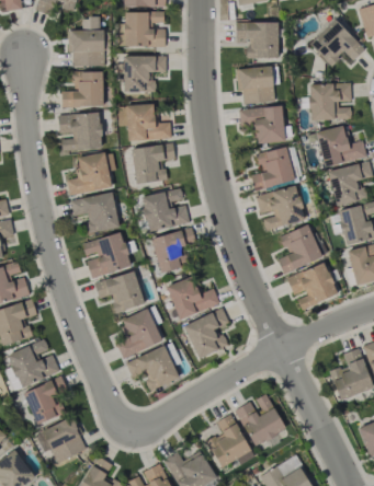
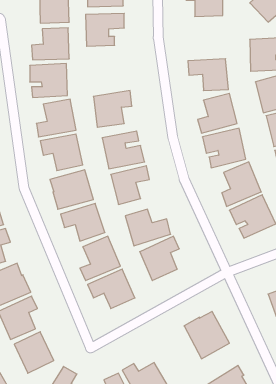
building: [236,67,274,104] -> none
building: [126,105,171,141] -> none
building: [206,415,251,468] -> none

